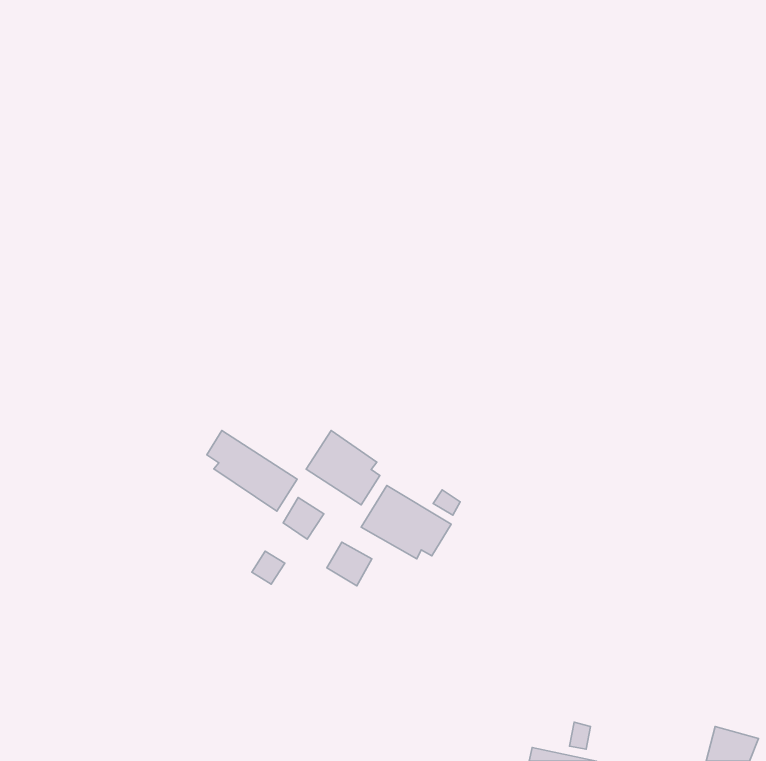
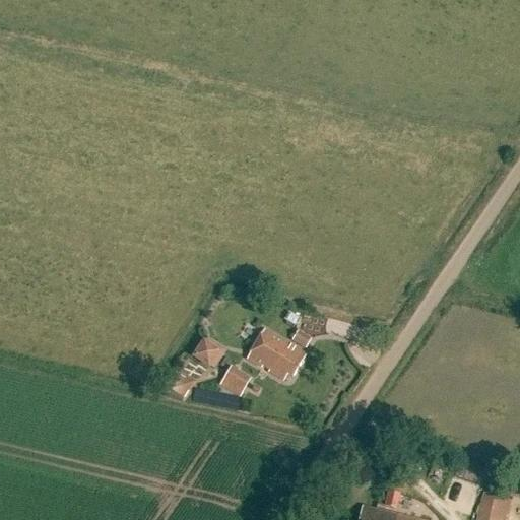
building: [207,431,297,511] -> none
building: [306,431,380,505] -> none

